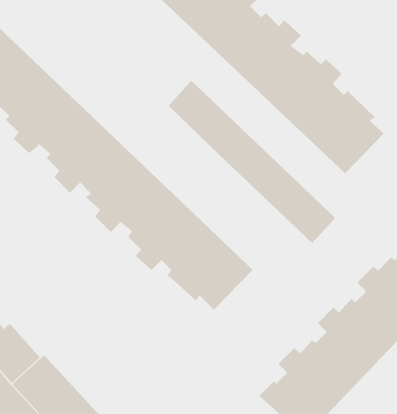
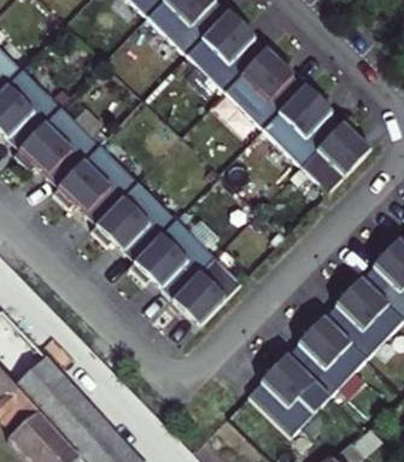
building: [168,80,336,244] -> none

